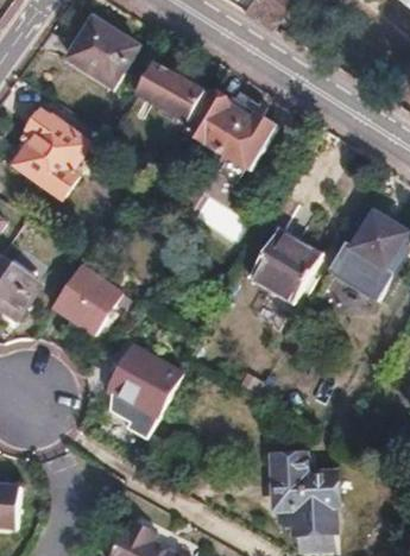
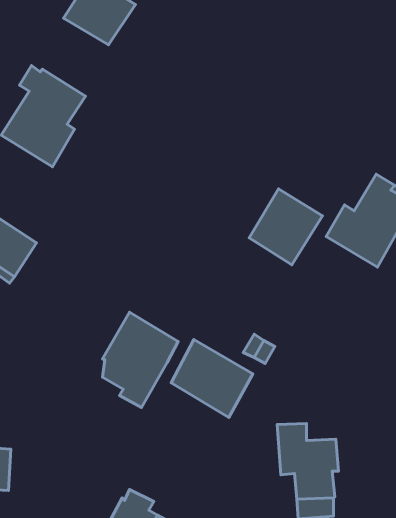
building: [135,64,204,122] -> none
building: [190,89,276,166] -> none
building: [50,266,120,334] -> none
building: none -> [171,339,253,417]

